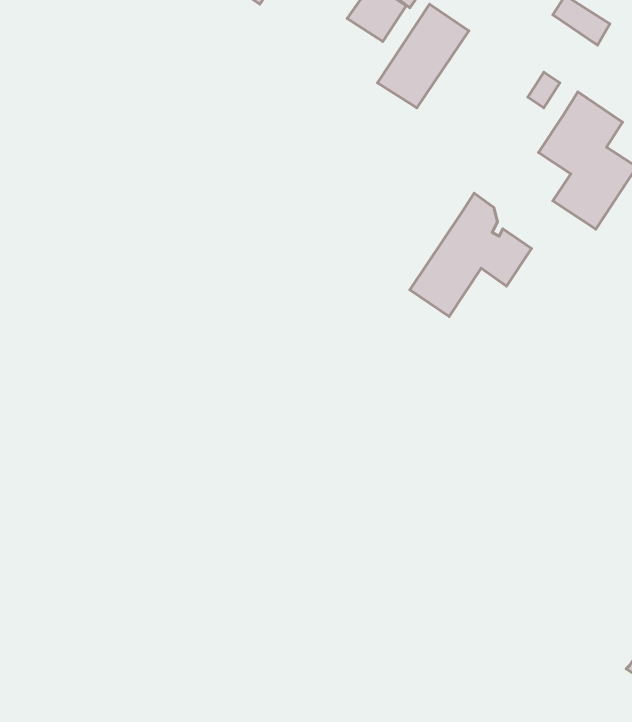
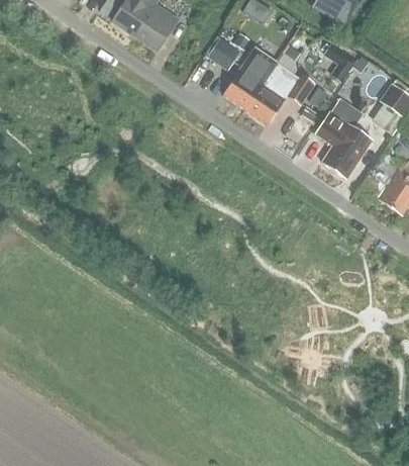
building: [410,193,531,317] -> [246,54,315,123]

